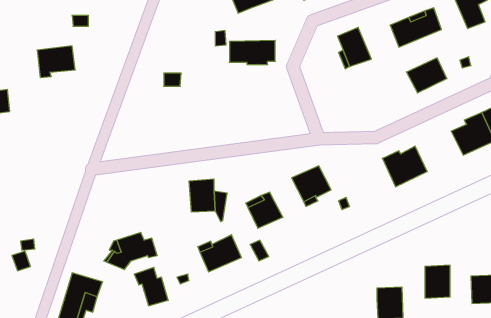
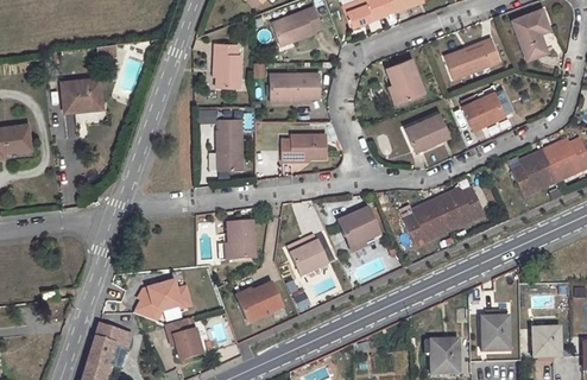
building: none -> [214,43,241,87]
building: none -> [405,110,450,151]
building: none -> [217,118,244,169]
building: none -> [282,133,326,160]
building: none -> [403,200,450,246]

